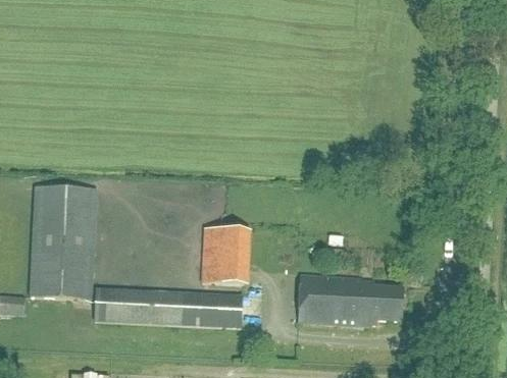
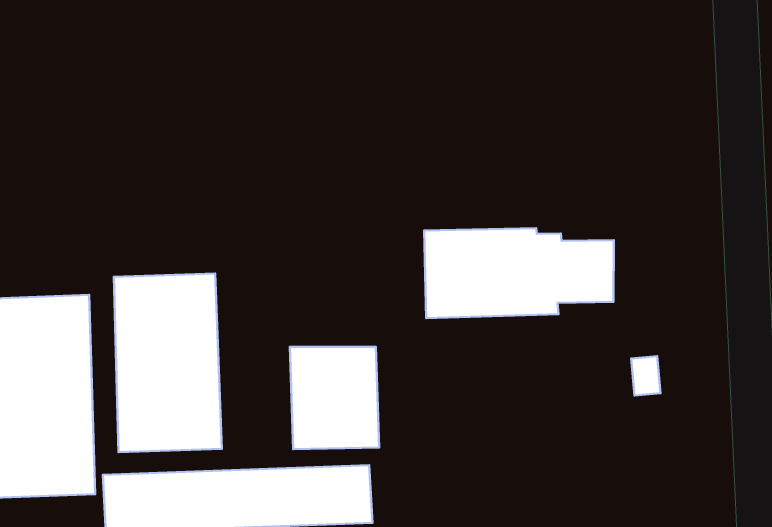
building: none -> [114,274,222,452]
building: [298,273,404,325] -> [424,228,614,318]

